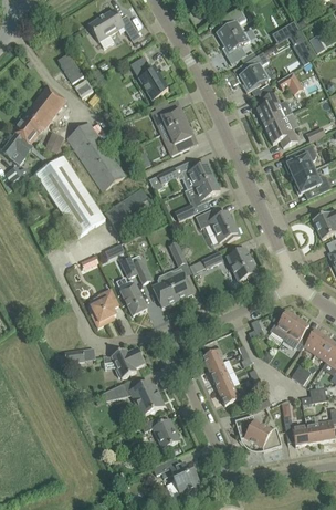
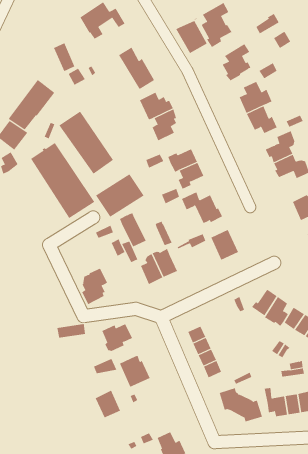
building: none -> [176,20,208,54]
building: [118,279,147,315] -> [119,212,146,247]
building: [153,418,180,448] -> [95,390,121,418]

